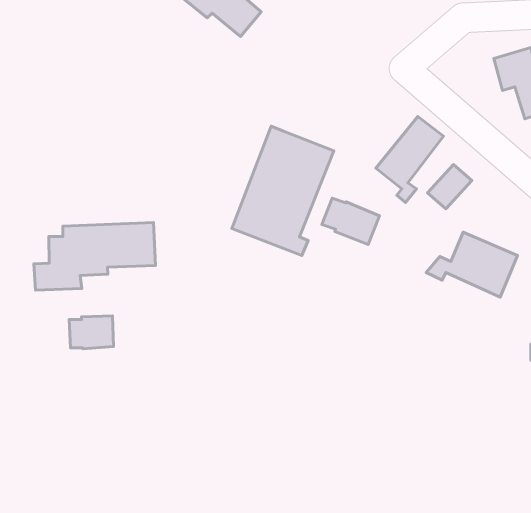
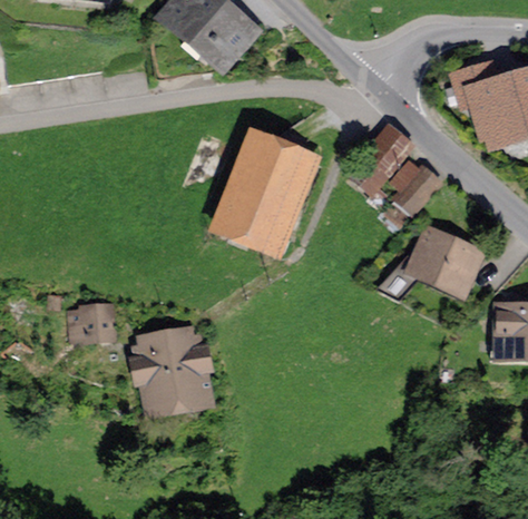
building: [322,198,379,245] -> none
building: [34,223,155,290] -> none
building: none -> [137,326,215,410]

